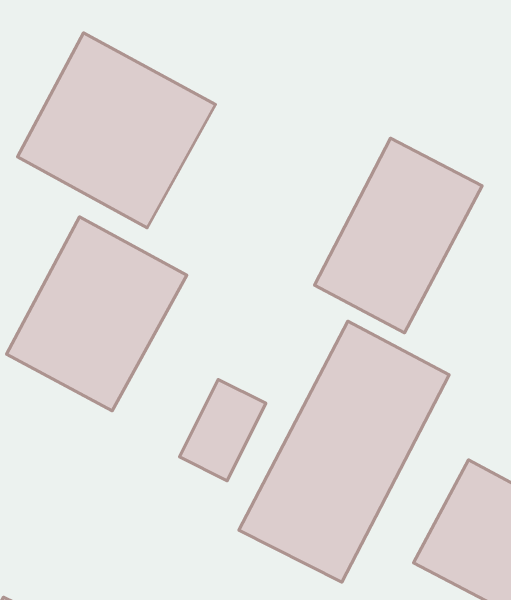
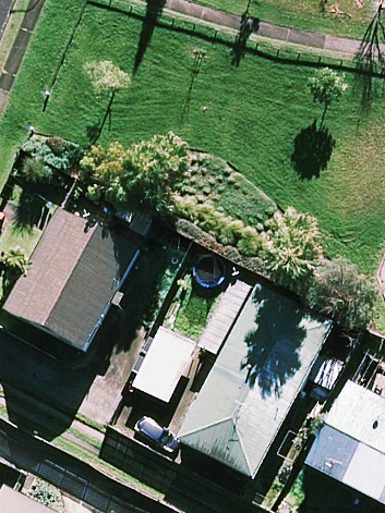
building: [18,33,216,228] -> none
building: [315,138,482,333] -> none

